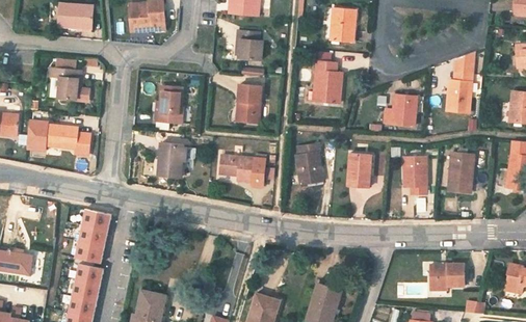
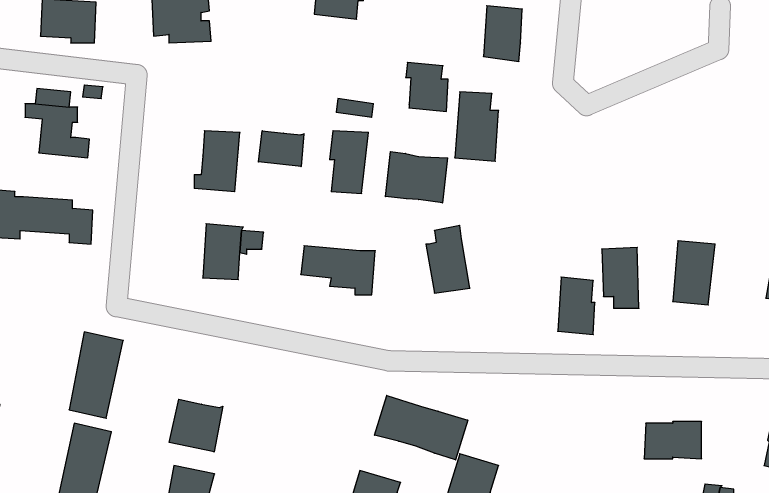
building: [235,30,261,60] -> [406,62,448,111]
building: [445,52,474,113] -> none
building: none -> [258,131,304,167]
building: [383,95,416,126] -> none
building: none -> [385,152,448,203]
building: [346,153,369,188] -> [558,277,595,335]
building: none -> [375,395,468,460]
building: none -> [169,399,223,452]

